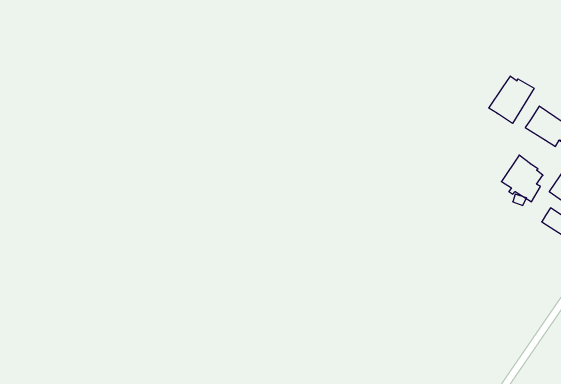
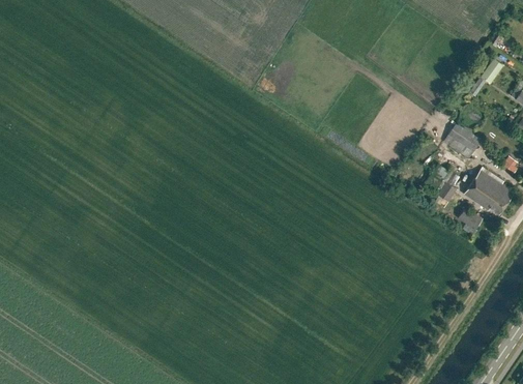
building: [489,76,534,123] -> none

